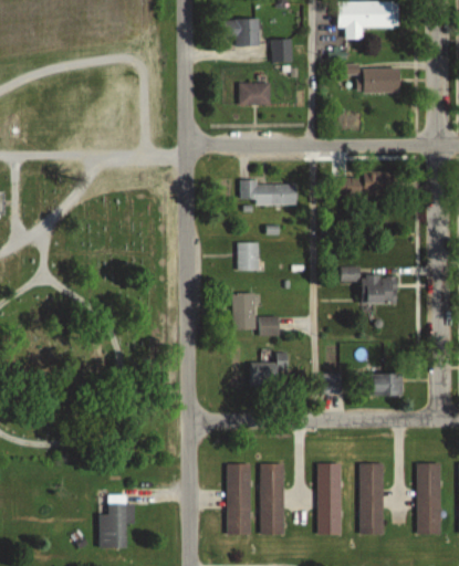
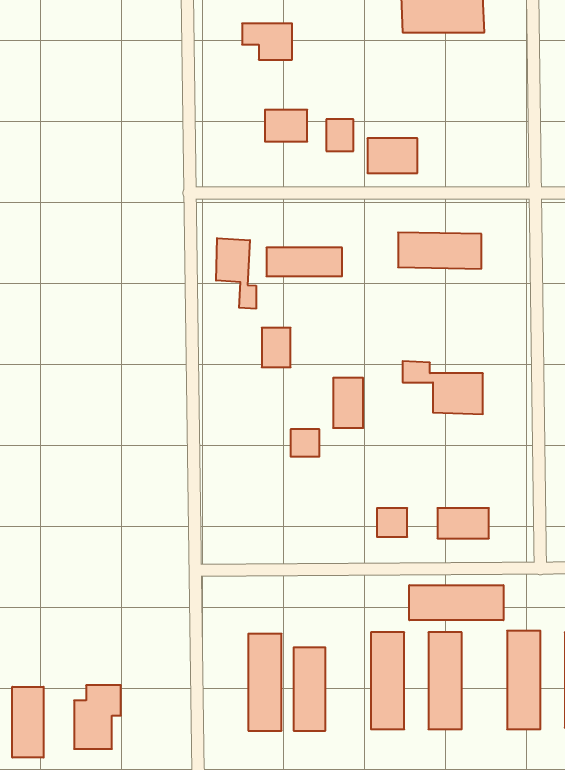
building: [271,39,291,62] -> [326,119,353,151]
building: [364,67,400,93] -> [367,138,417,173]
building: none -> [216,238,256,309]
building: [232,294,254,331] -> [333,378,363,428]
building: [250,354,286,387] -> none
building: none -> [409,585,503,620]
building: none -> [12,687,44,758]

